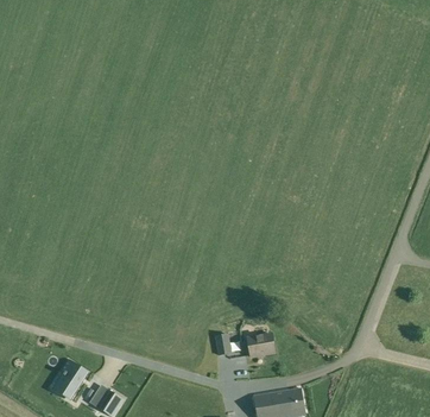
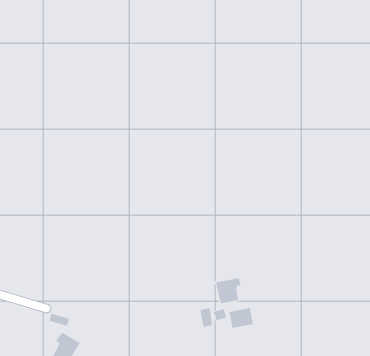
building: none -> [215,277,242,304]

